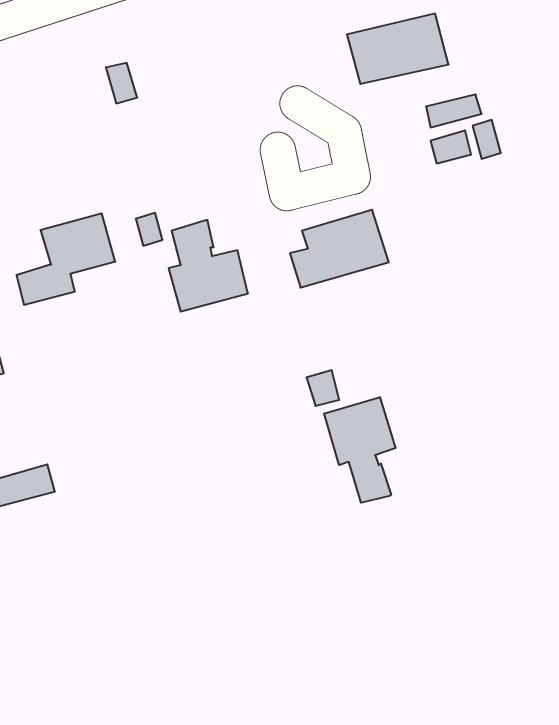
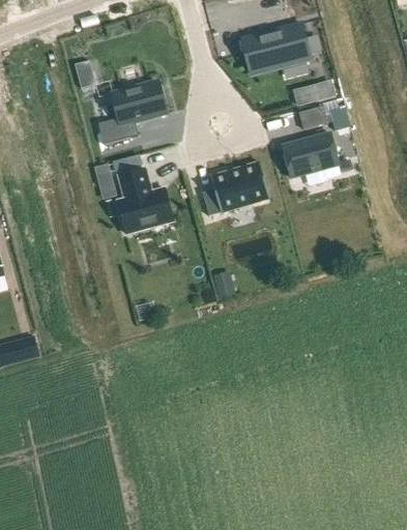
building: none -> [283,132,350,178]
building: [16,214,115,305] -> [100,81,169,144]
building: [324,397,396,503] -> none

